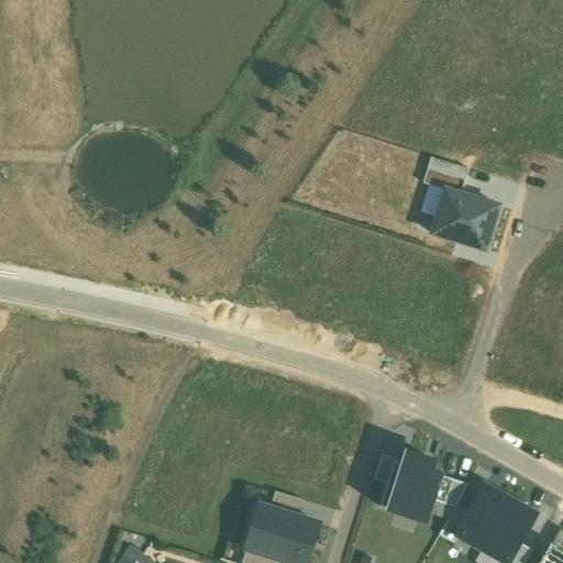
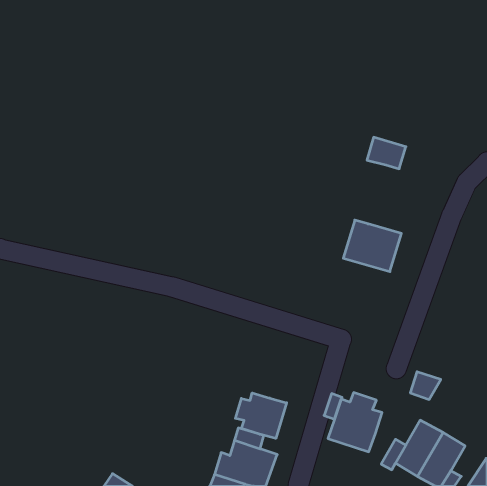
building: [432,190,499,250] -> [343,220,401,272]
building: none -> [235,393,287,438]
building: [433,476,468,508] -> [410,372,441,399]

